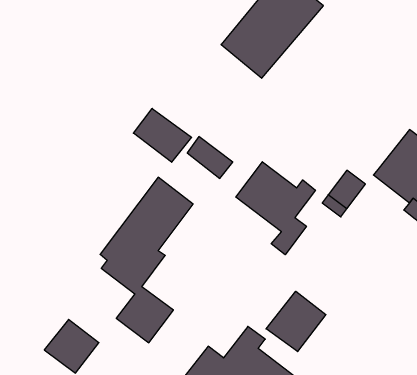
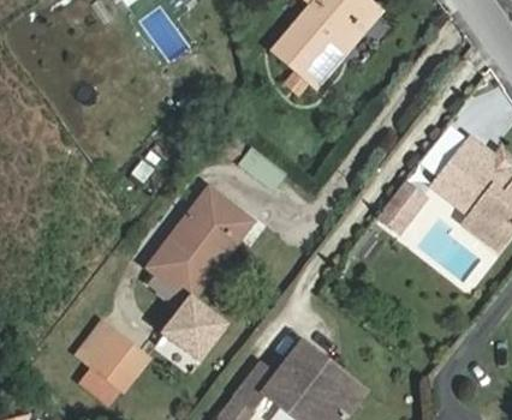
building: [133,108,192,162] -> none
building: [236,162,315,255] -> none
building: [266,291,326,352] -> none

